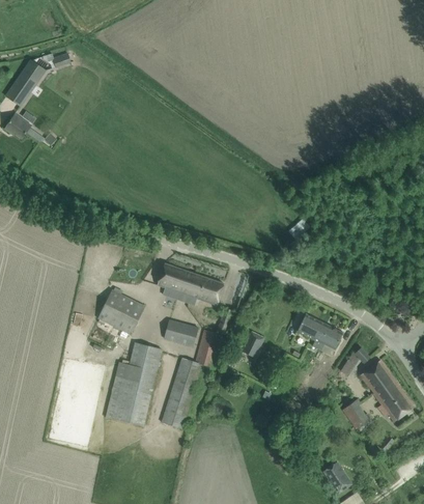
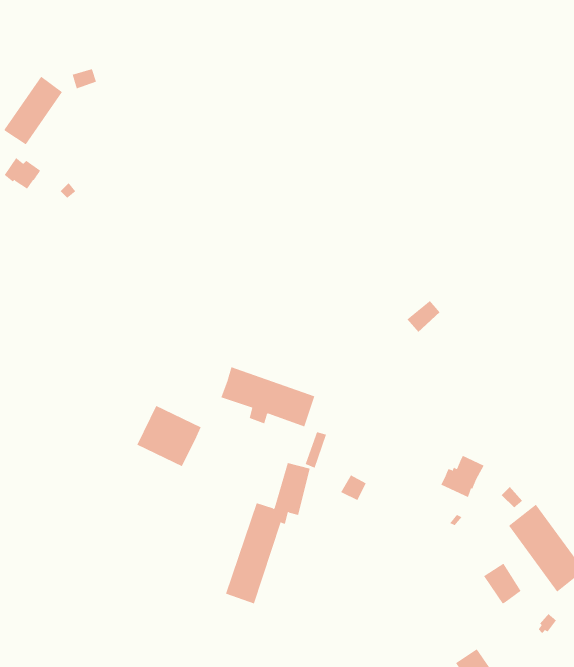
building: [298,313,328,339] -> none
building: [164,318,199,346] -> none
building: [105,342,163,426] -> none

